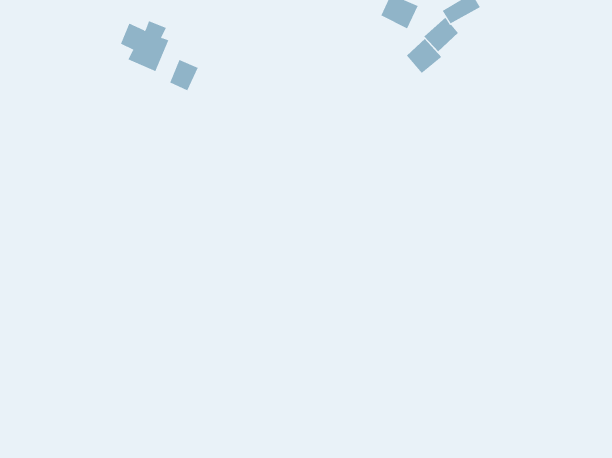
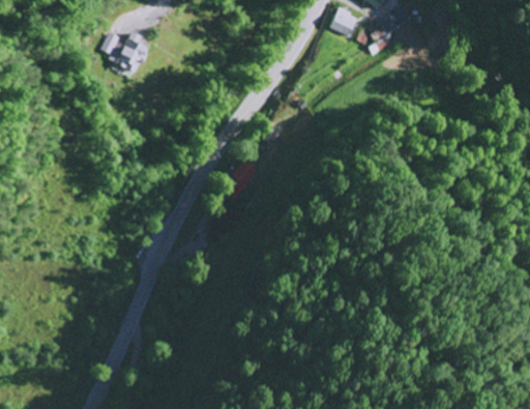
building: [406,38,442,74] -> none
building: [170,59,199,91] -> none

